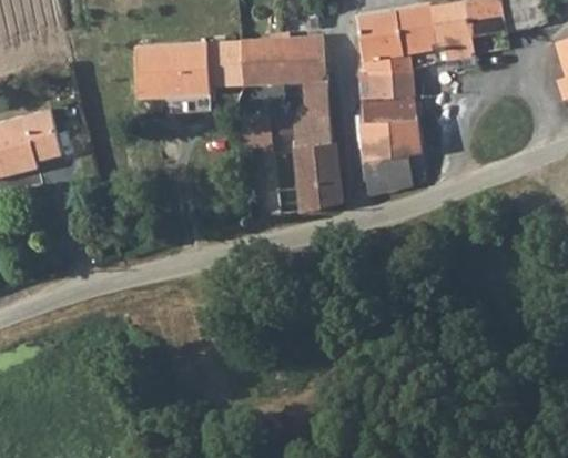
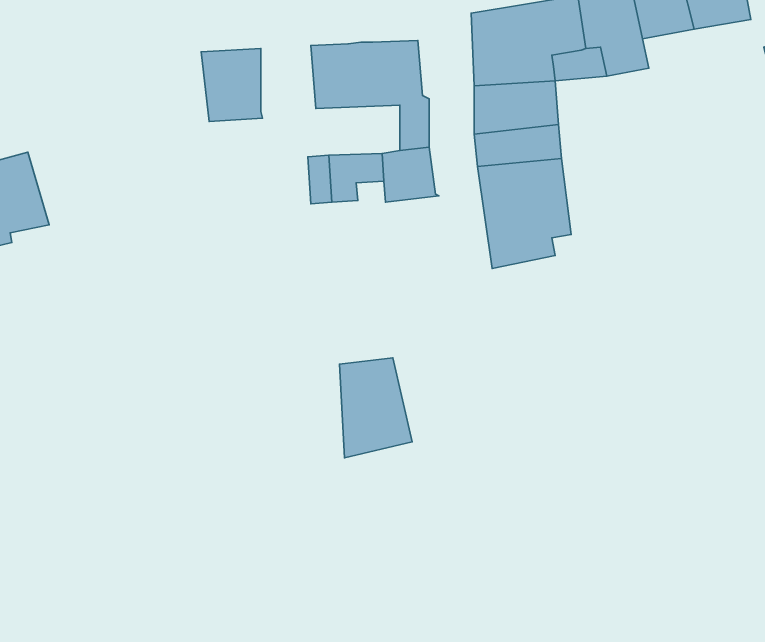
building: [210,40,247,85] -> none
building: [134,44,174,93] -> none
building: [295,143,345,212] -> [340,358,412,458]

